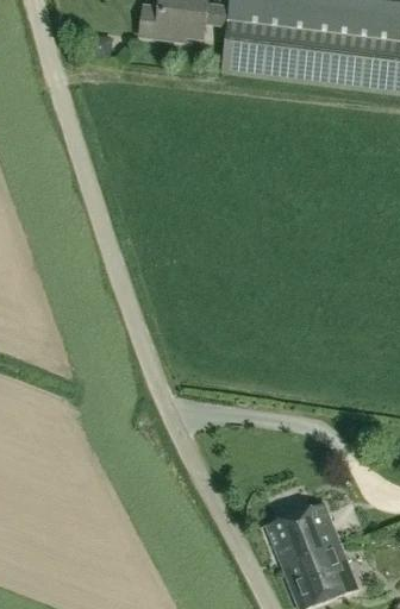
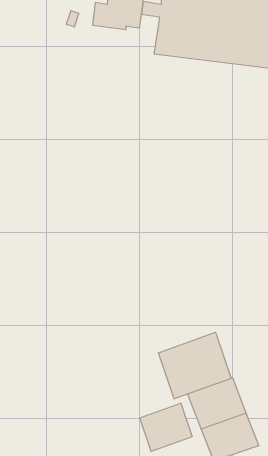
building: none -> [159,332,231,399]
building: none -> [140,403,192,452]

